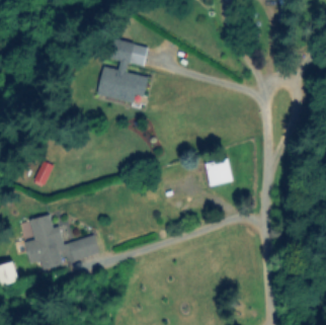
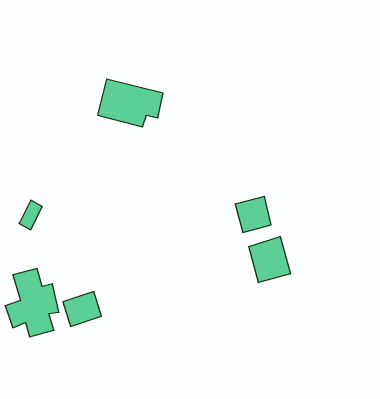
building: [108,39,134,61] -> none
building: none -> [249,236,291,283]

